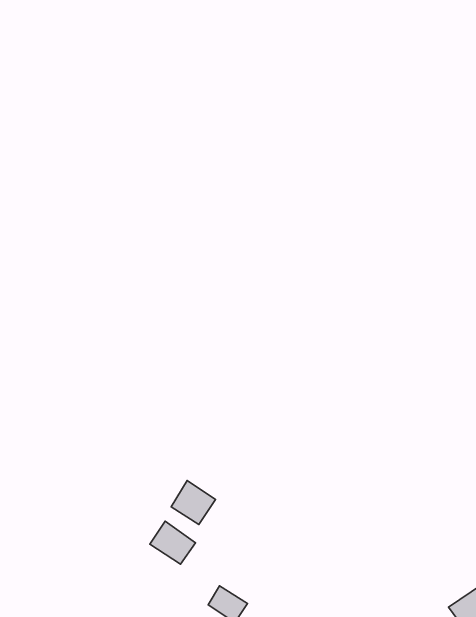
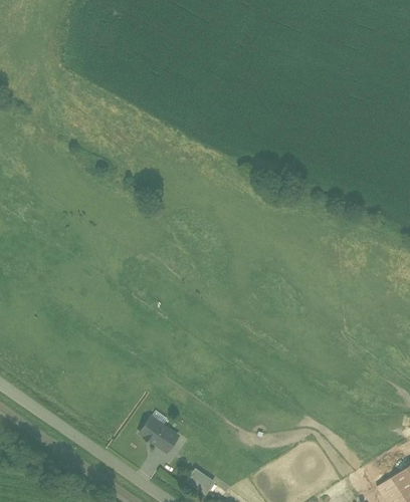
building: [171,480,216,525] -> none

